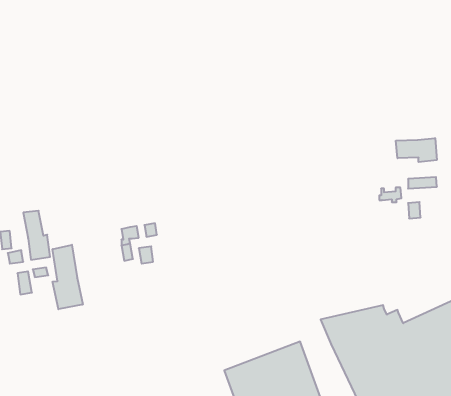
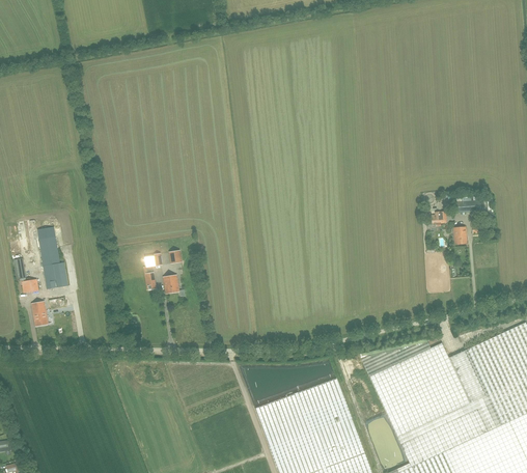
building: [396,138,437,162] -> none
building: [53,245,83,309] -> none

